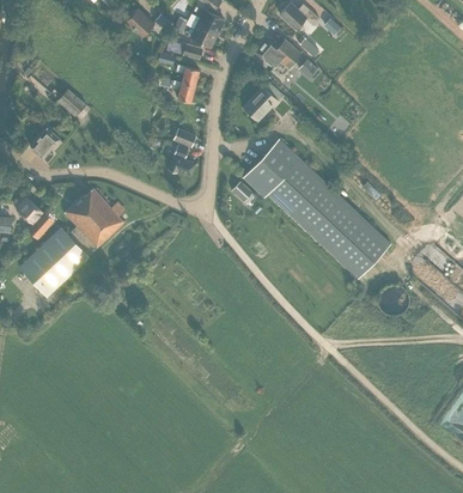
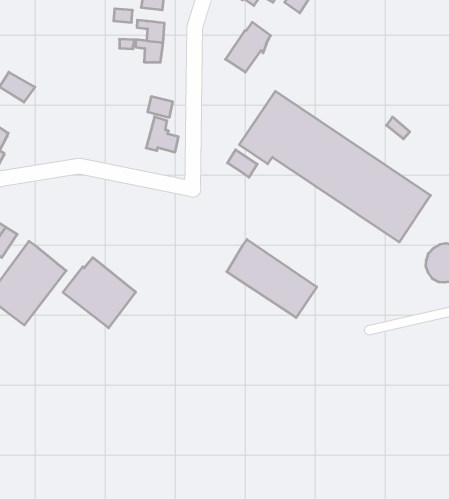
building: [65,188,123,246] -> [63,258,136,328]
building: none -> [227,239,317,318]

